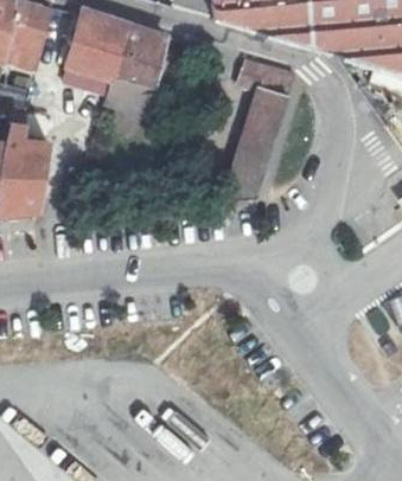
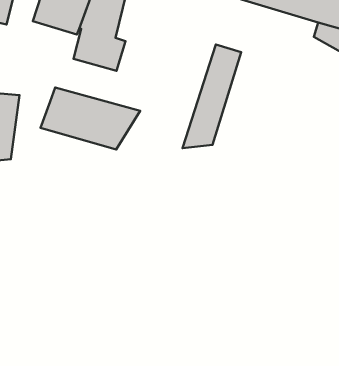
building: [238,58,295,97] -> none
building: none -> [41,88,140,149]

